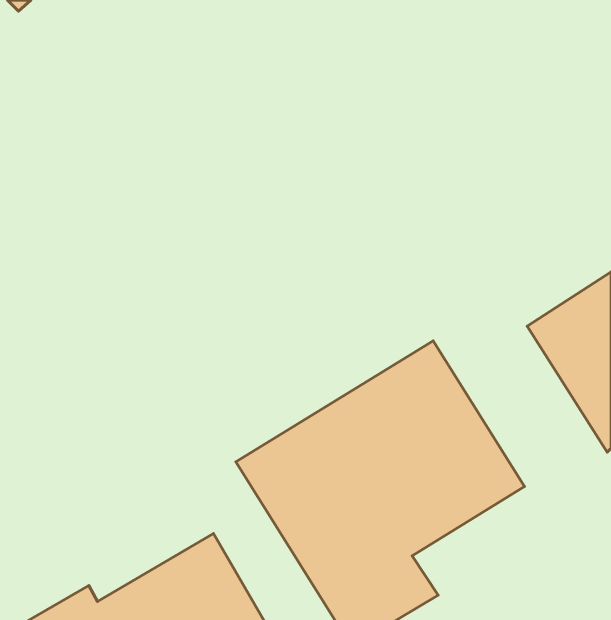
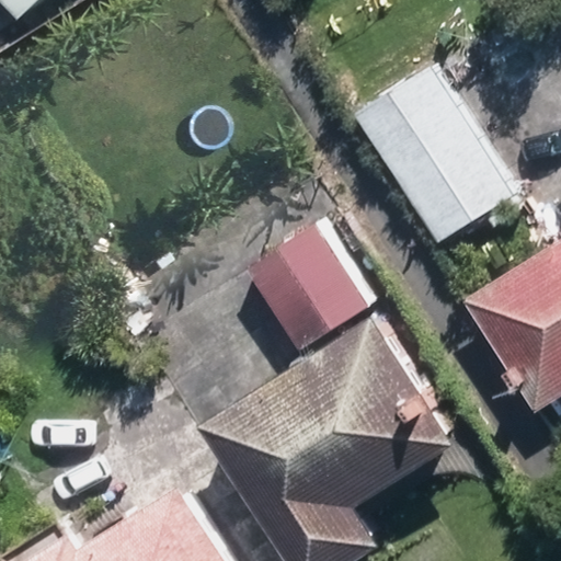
building: none -> [355,69,517,248]
building: none -> [245,221,369,350]

